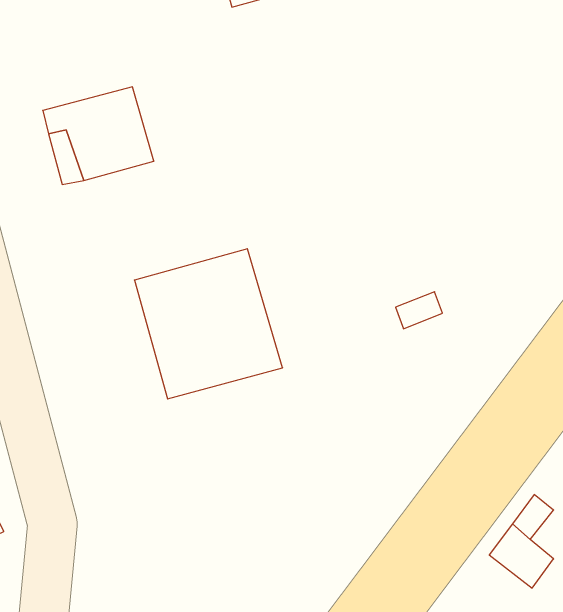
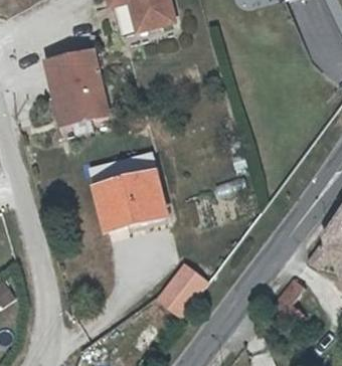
building: none -> [34,51,84,82]
building: none -> [159,264,208,318]

